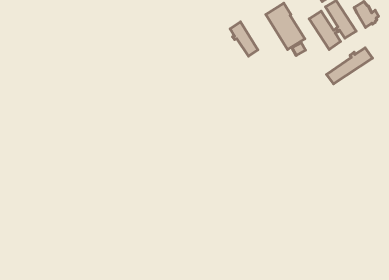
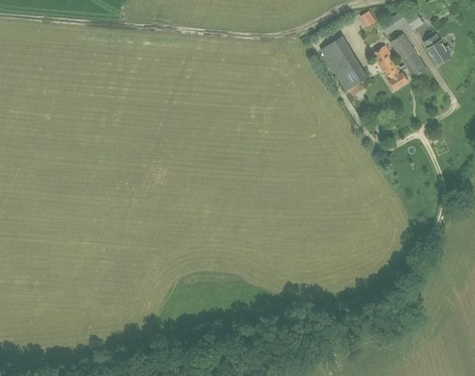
building: [230,22,258,56] -> none
building: [326,48,372,84] -> none

